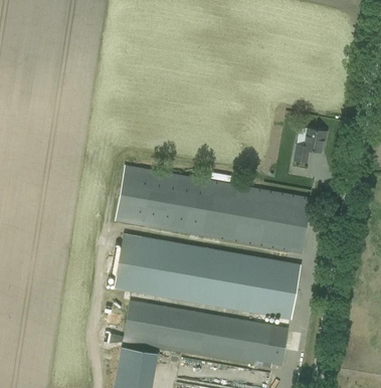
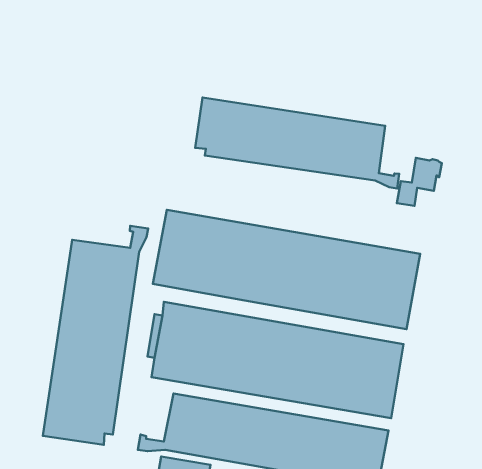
building: none -> [195,98,399,189]
building: none -> [43,226,148,445]

